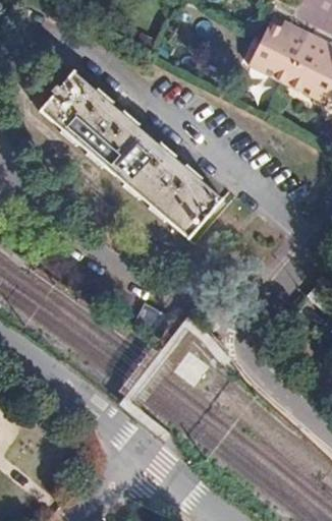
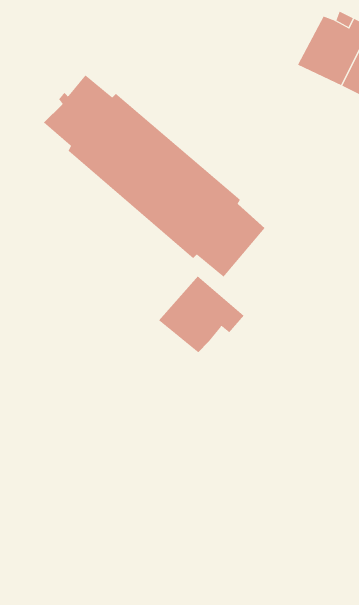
building: none -> [158,276,245,353]

